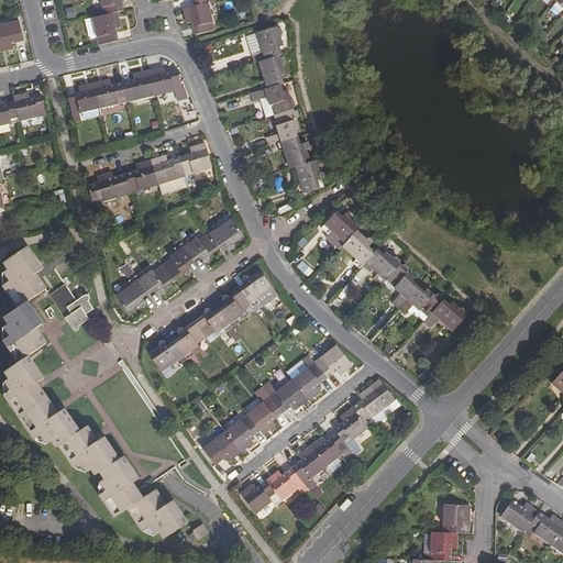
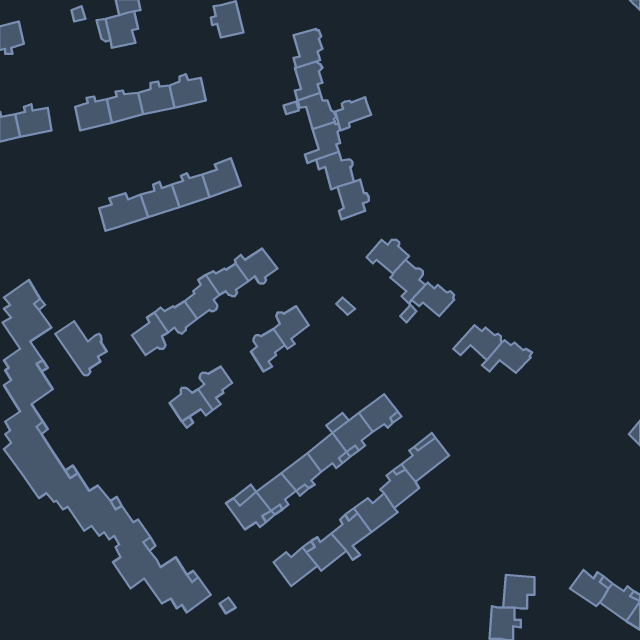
building: none -> [335,97,371,130]
building: [385,263,416,306] -> none
building: [194,307,235,335] -> none

